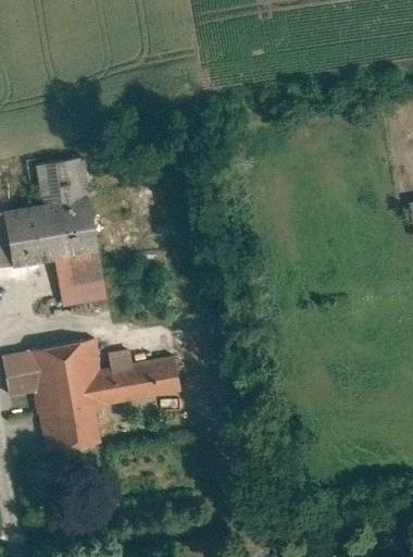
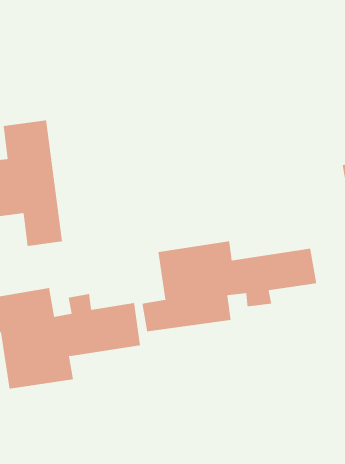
building: none -> [142,240,317,332]

